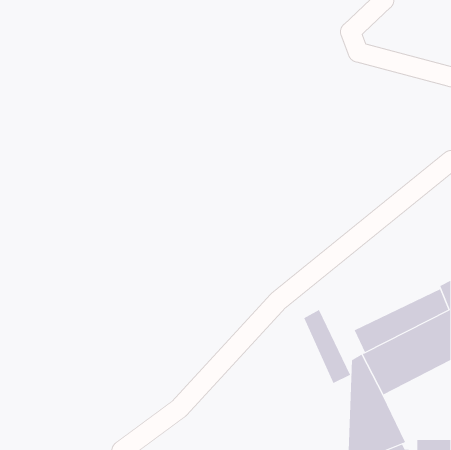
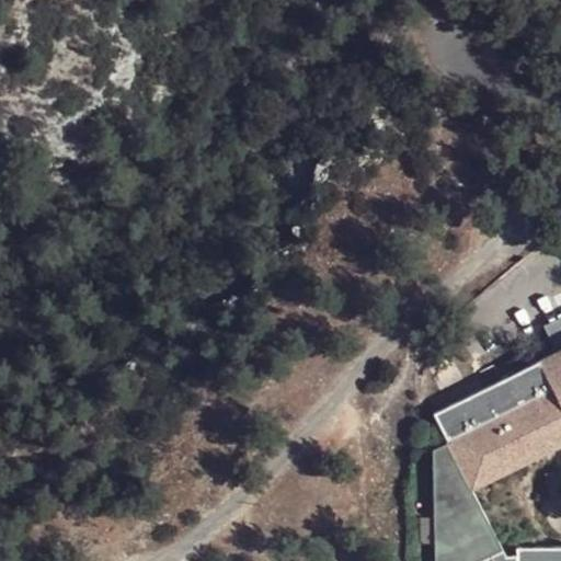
building: [304,309,351,384] -> none

